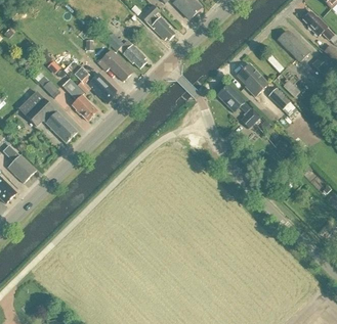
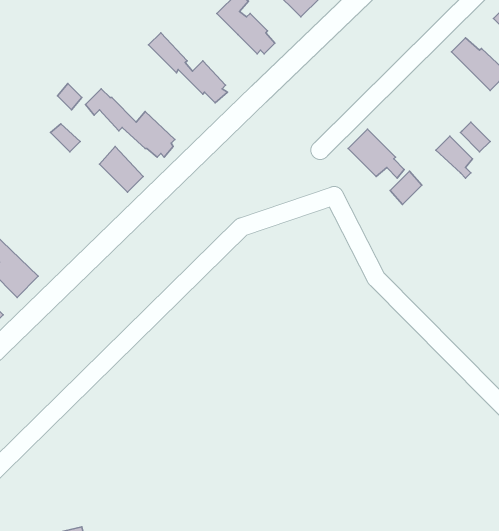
building: [97,48,131,80] -> none
building: [236,62,267,95] -> none
building: [19,91,76,141] -> none

